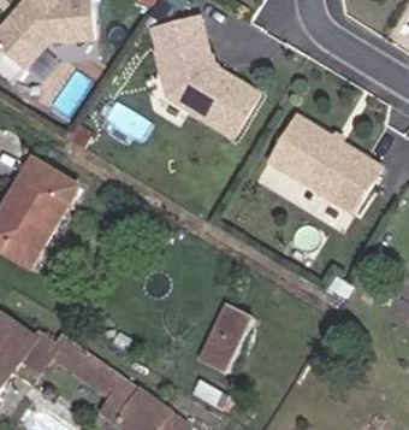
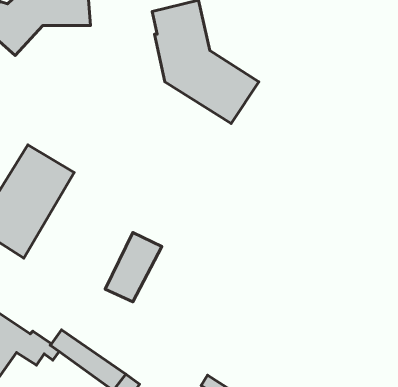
building: [266,122,375,218] -> none
building: [200,302,254,369] -> [105,233,162,302]

